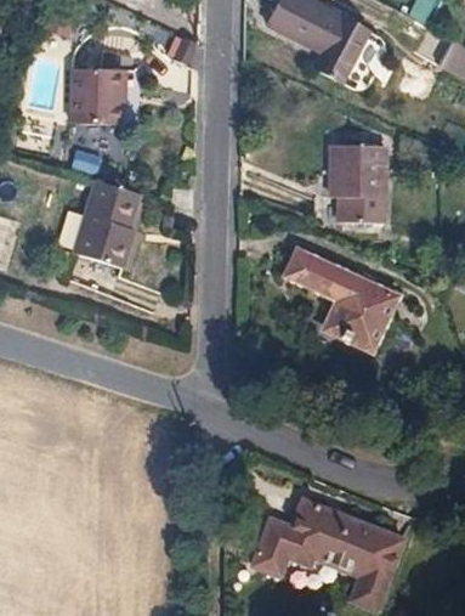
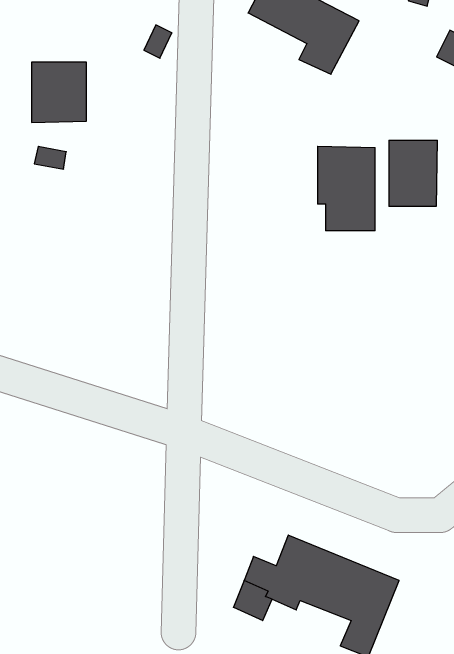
building: none -> [389,140,437,206]
building: [73,180,140,267] -> none
building: [283,248,399,352] -> none

